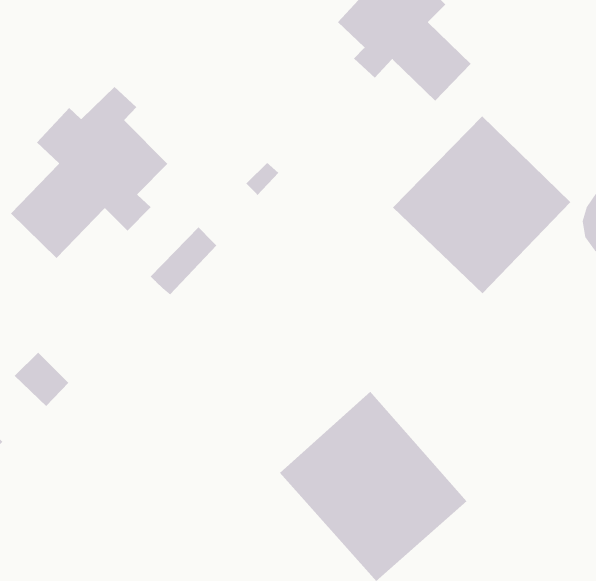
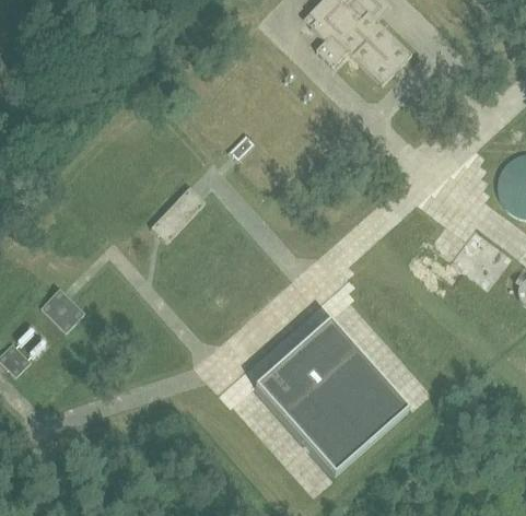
building: [10,86,168,259] -> none
building: [392,115,571,294] -> none

